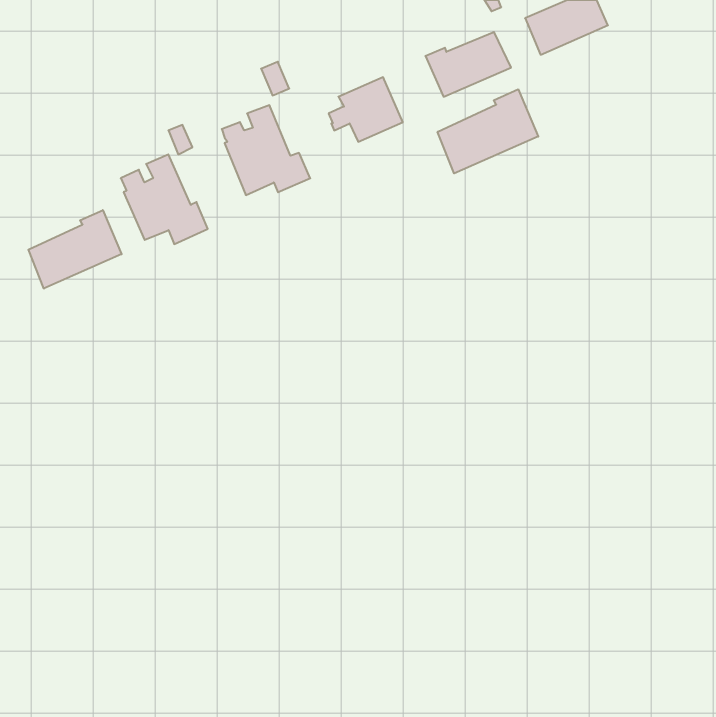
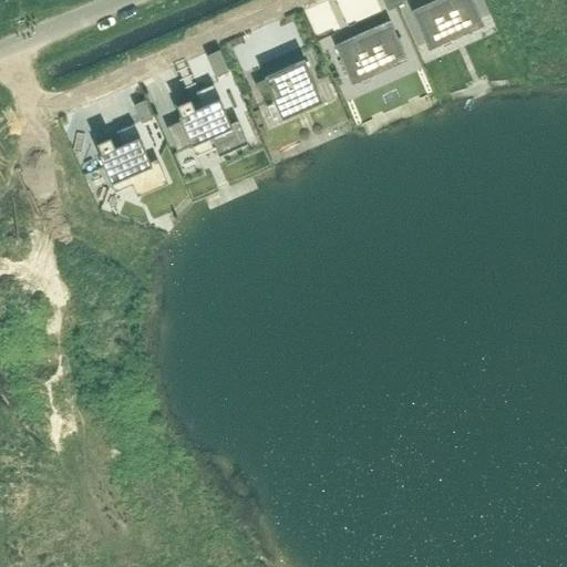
building: [438,89,538,173] -> none
building: [28,210,122,289] -> none

